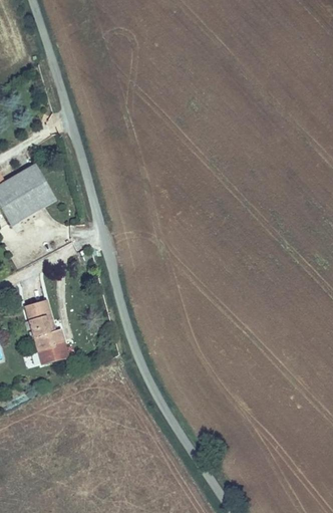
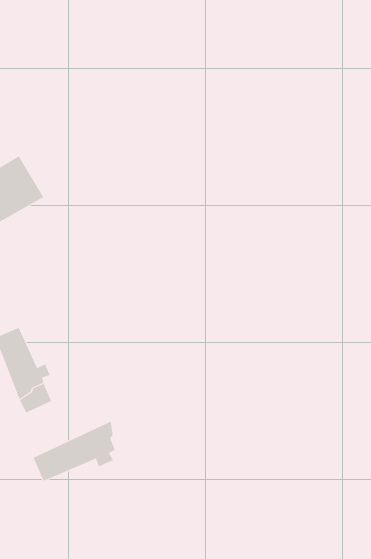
building: none -> [33,421,116,481]

